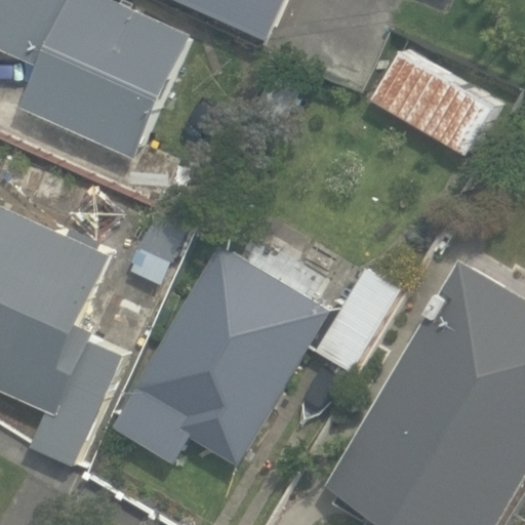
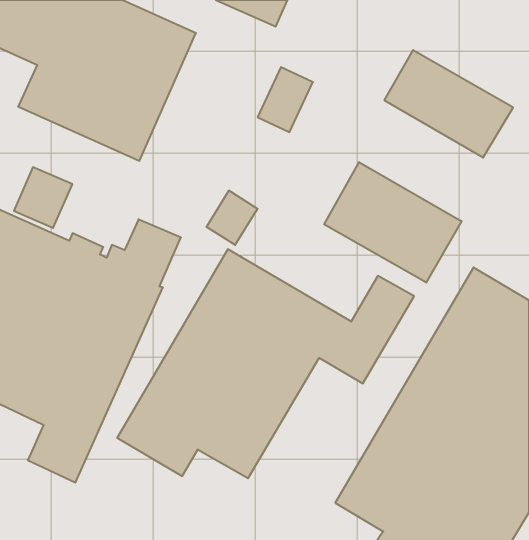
building: none -> [324,162,462,283]

